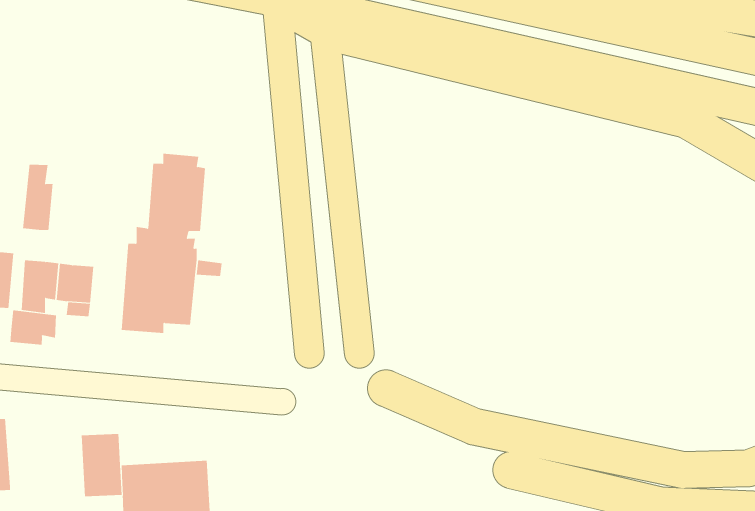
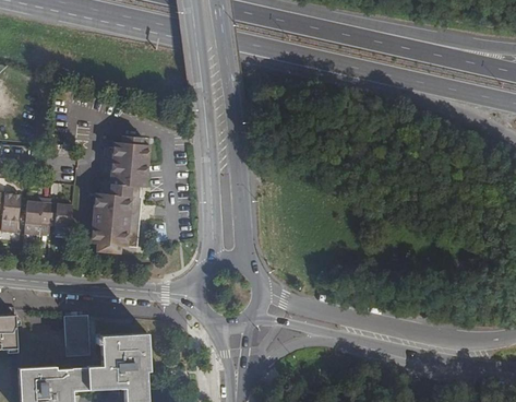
building: [22,164,53,231] -> none
building: [10,310,57,346] -> none

